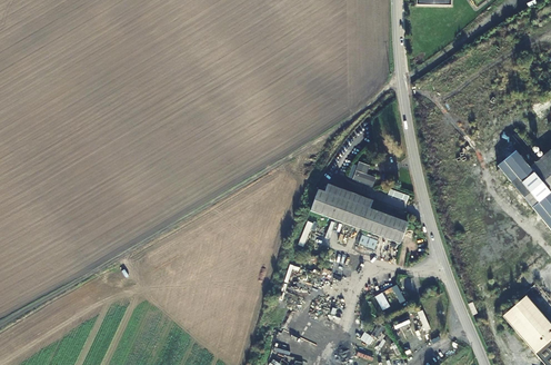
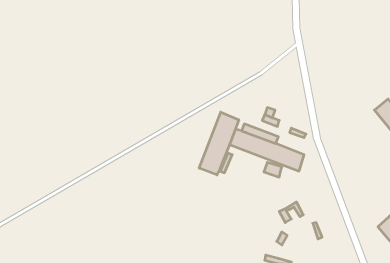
building: none -> [199,112,239,175]

